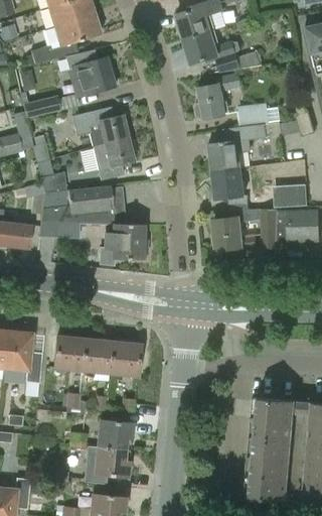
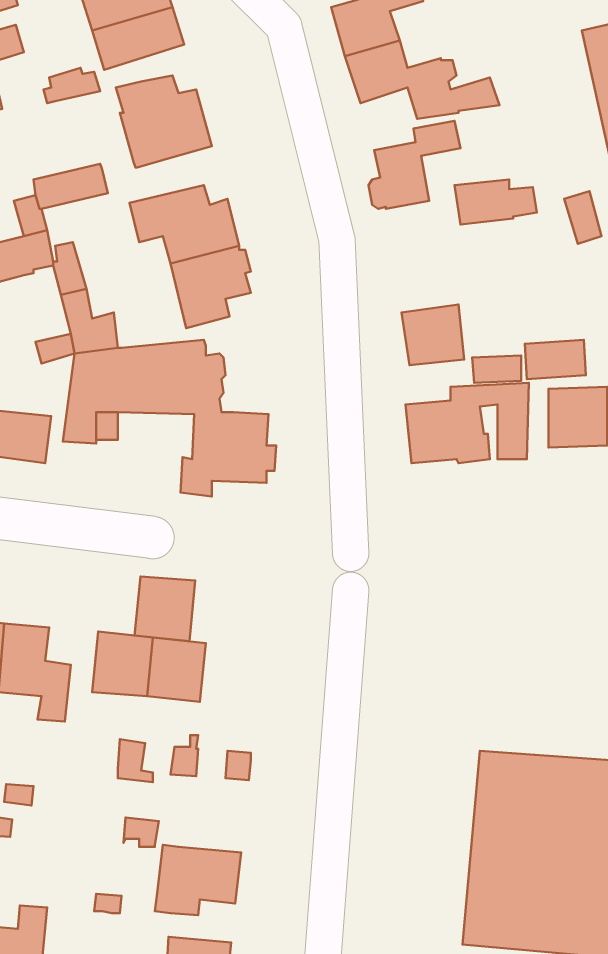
building: [209,122,282,171] -> none
building: [109,342,140,375] -> [135,577,195,641]
building: [98,419,132,449] -> none

